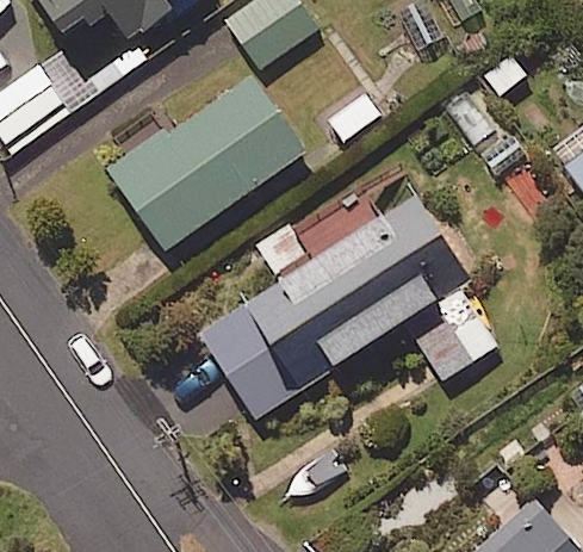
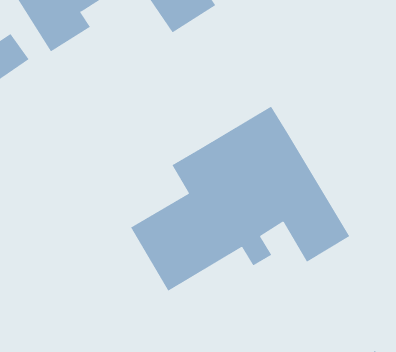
building: [110,79,302,250] -> none

